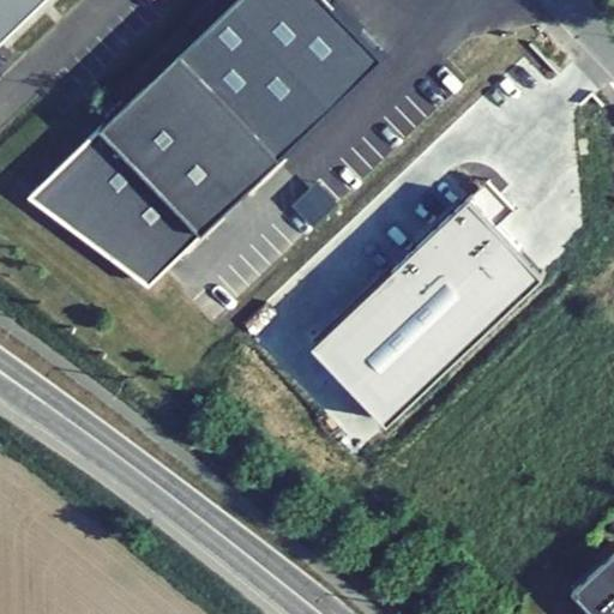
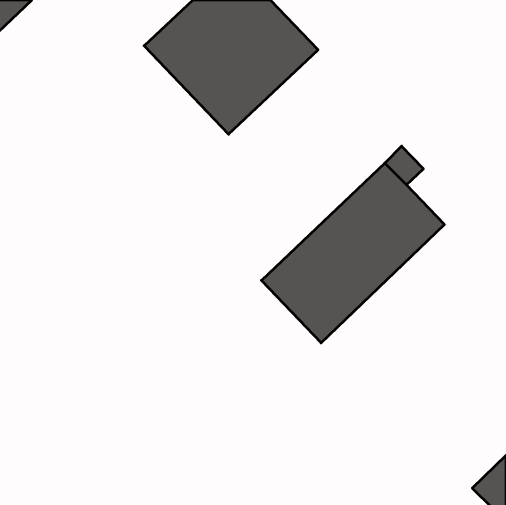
building: [23,59,276,293] -> none

